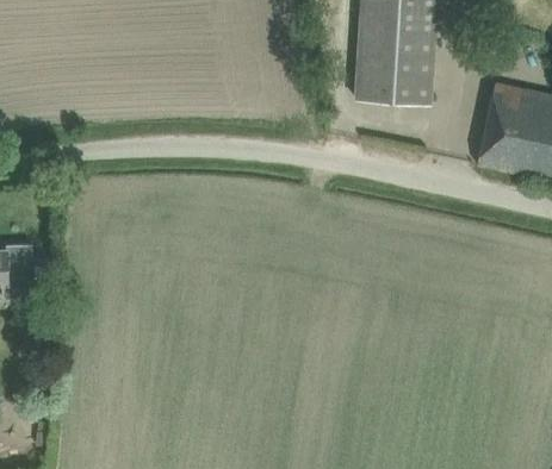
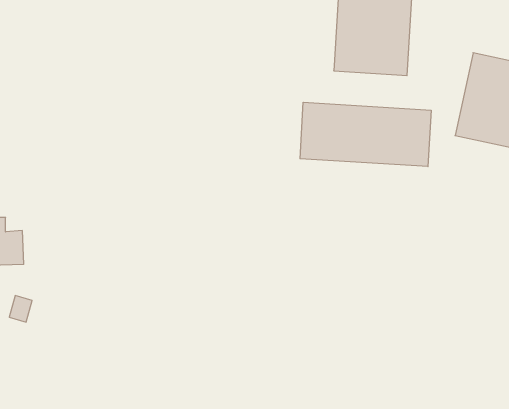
building: none -> [300,102,431,167]

